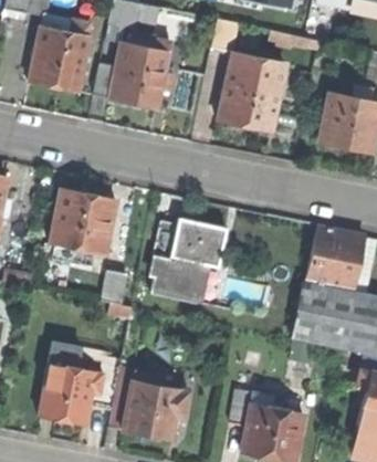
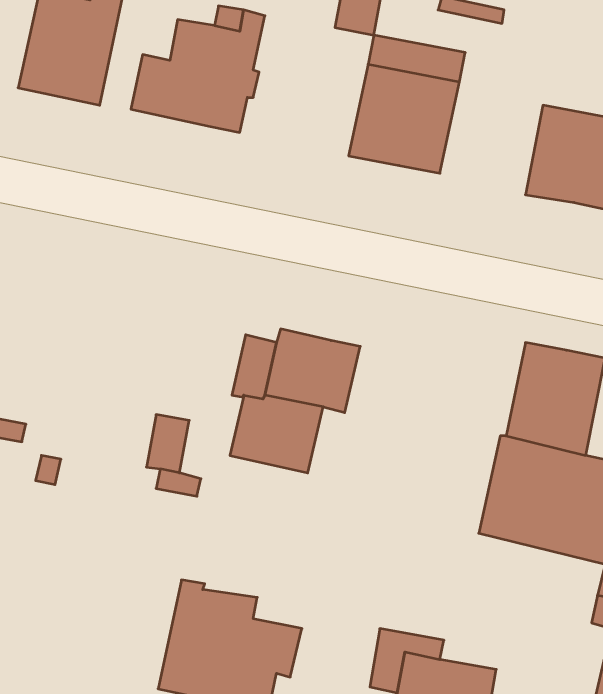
building: [52,189,115,252] -> none
building: [40,350,105,421] -> none

